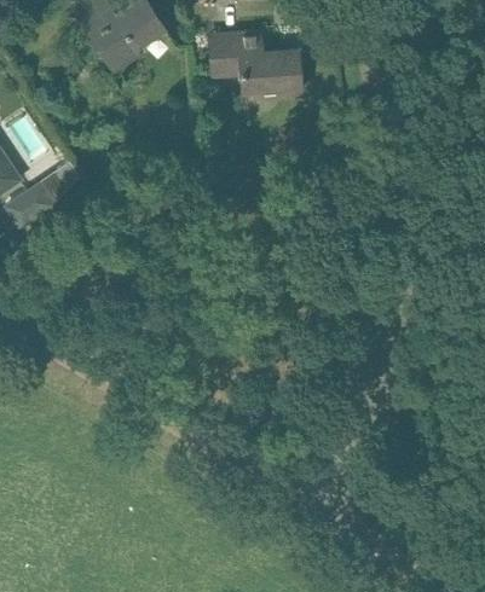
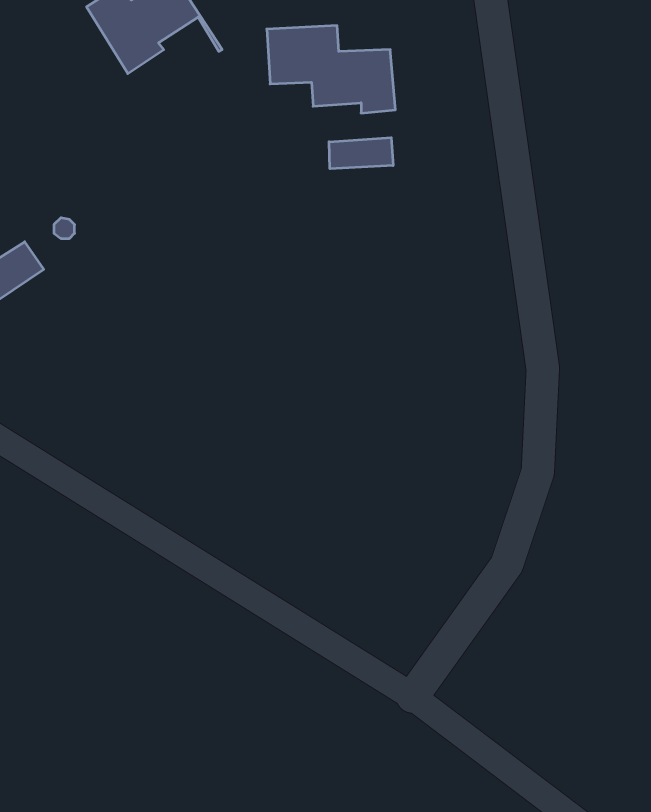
building: none -> [329,138,393,169]

